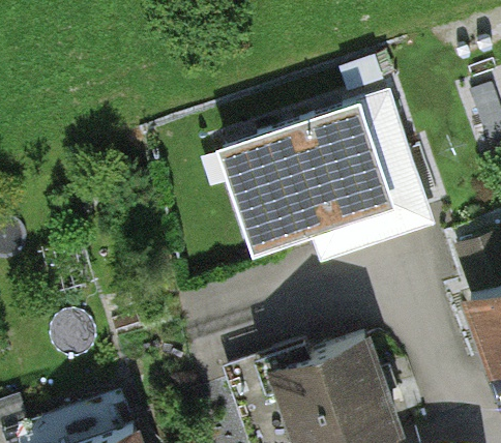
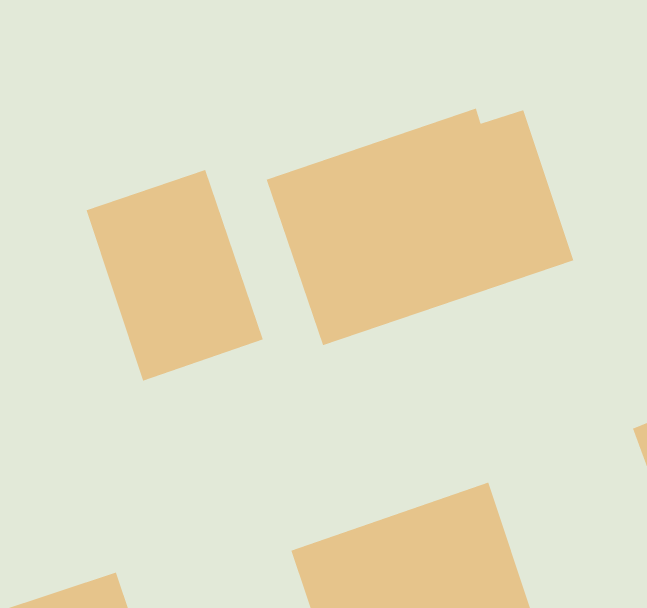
building: none -> [86,169,263,381]

